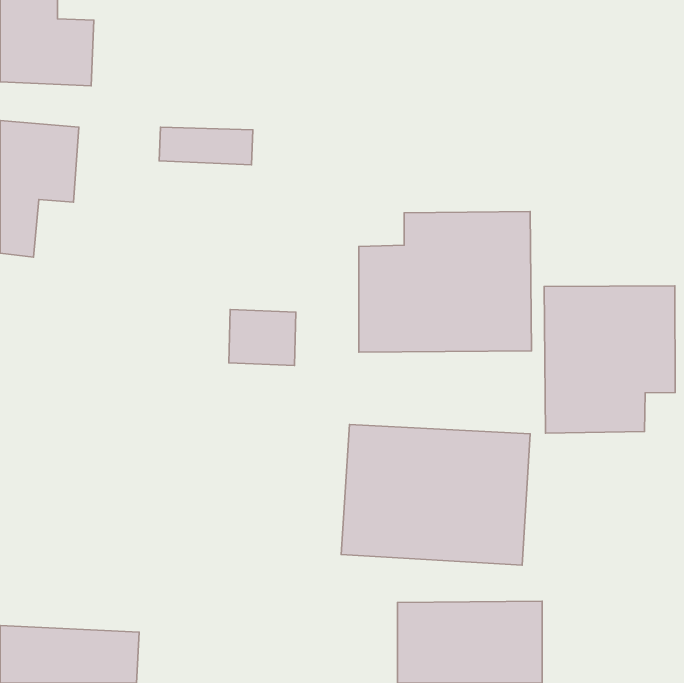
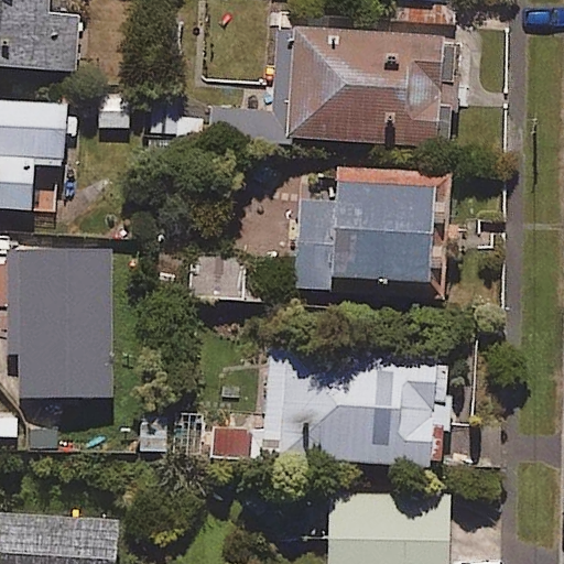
building: none -> [272,24,455,148]
building: [544,286,675,433] -> none
building: none -> [19,248,111,398]

